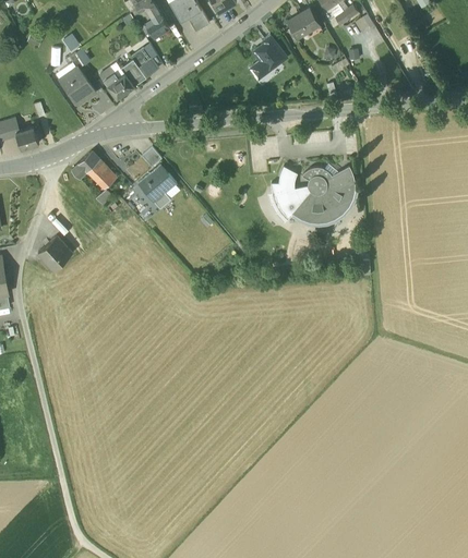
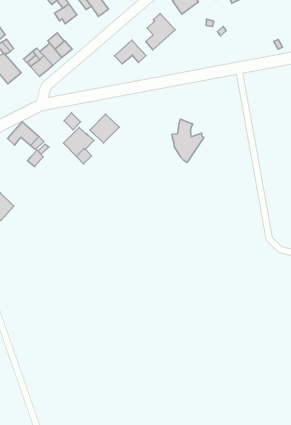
building: none -> [114,40,146,64]
building: none -> [90,114,119,143]
building: [291,165,355,221] -> none

